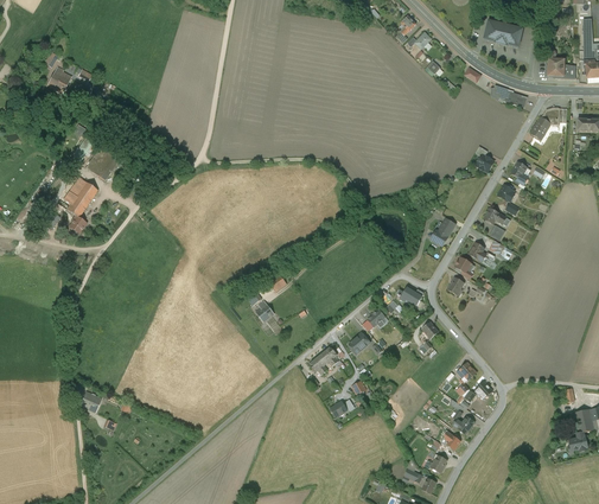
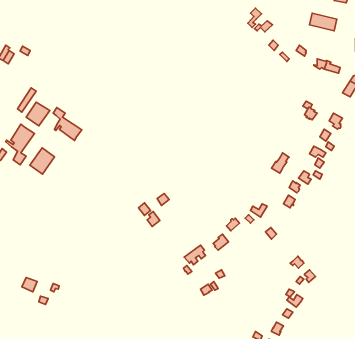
building: none -> [53,107,82,141]
building: none -> [30,148,55,174]

